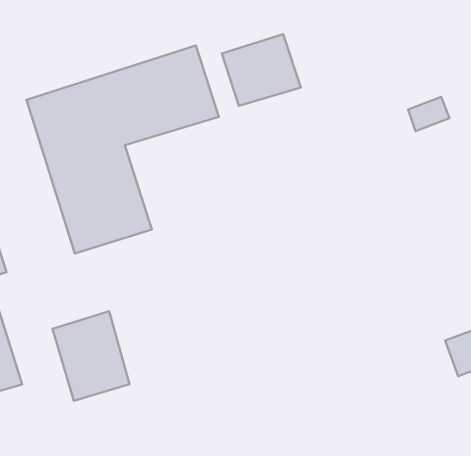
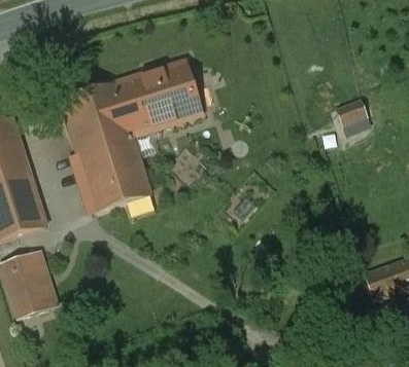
building: [222,34,301,106] -> none
building: [53,311,129,401] -> none

